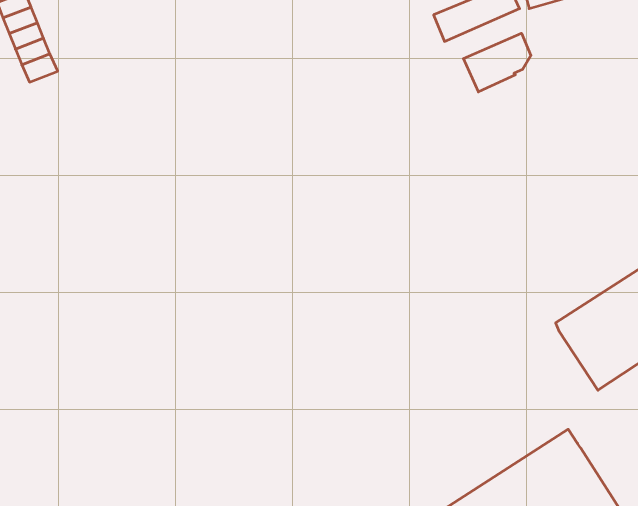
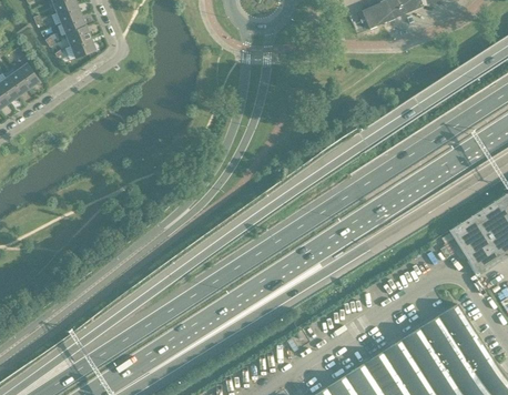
building: [463,33,531,92] -> none

